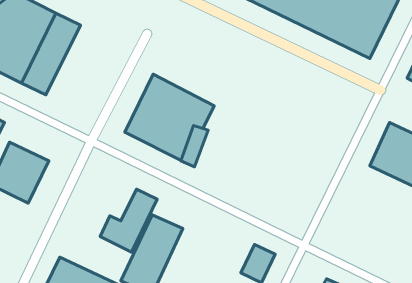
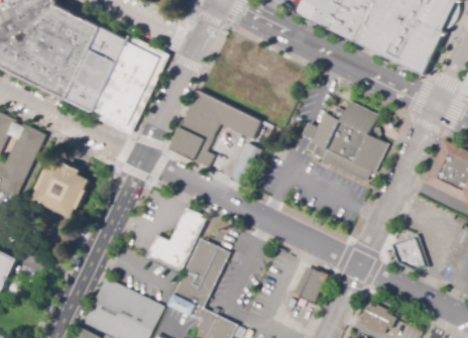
building: none -> [91,35,162,128]
building: none -> [303,96,389,182]
building: none -> [394,236,425,269]

